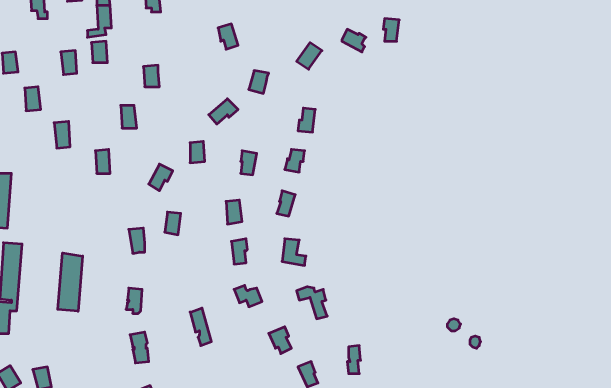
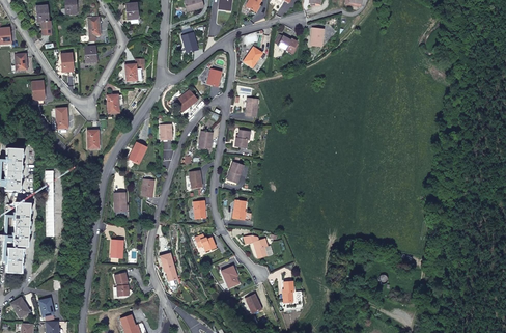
building: [58,253,83,311] -> none

